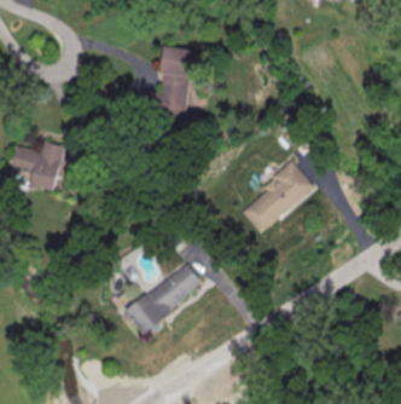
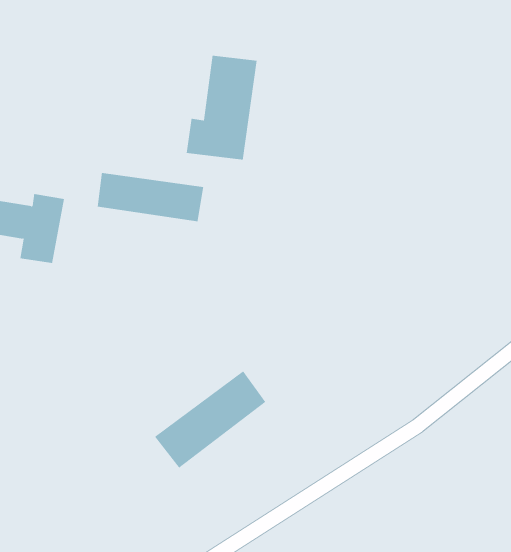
building: none -> [97,172,204,222]
building: [239,163,313,231] -> none

